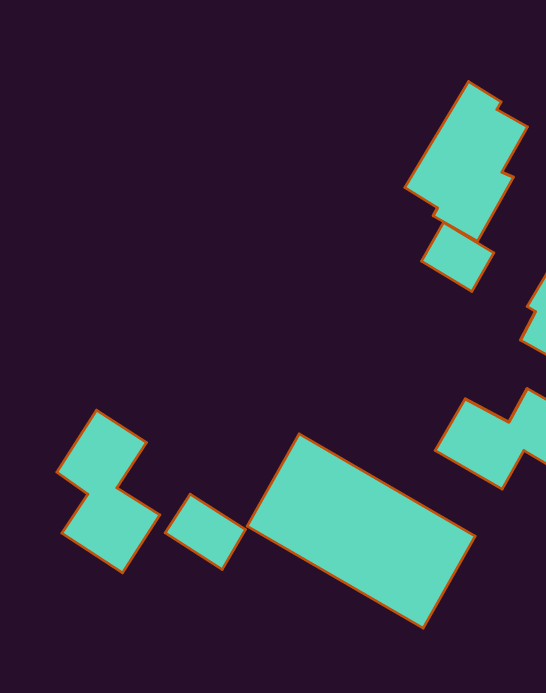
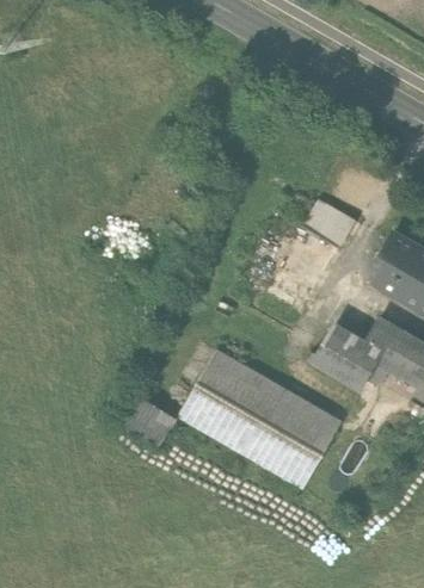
building: [405,81,527,241] -> none
building: [57,410,160,573] -> none

